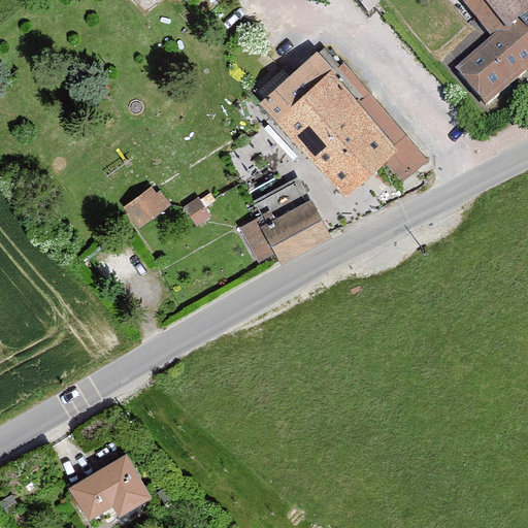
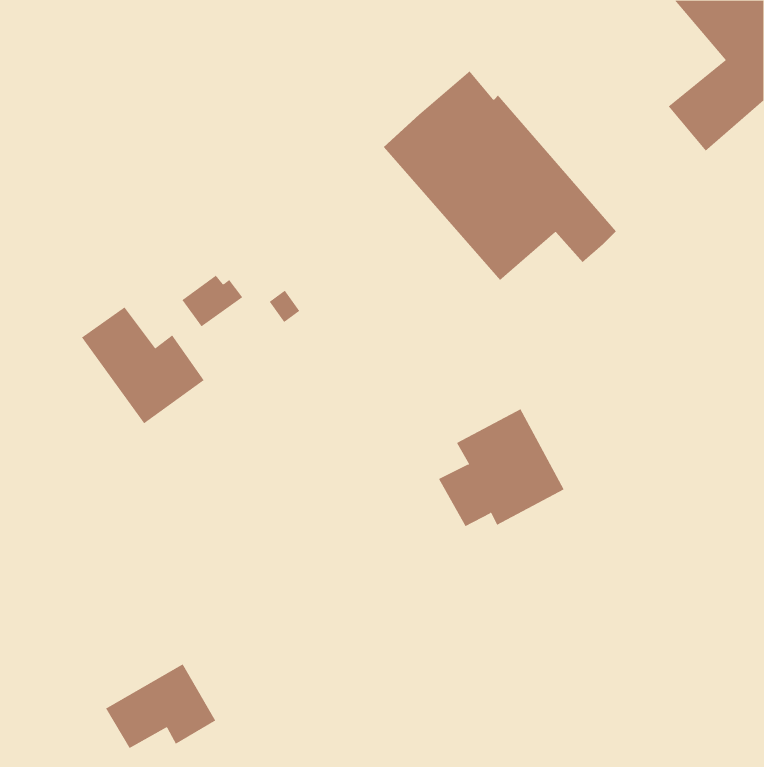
building: [239,178,326,260] -> [438,408,564,527]
building: none -> [81,306,205,424]

